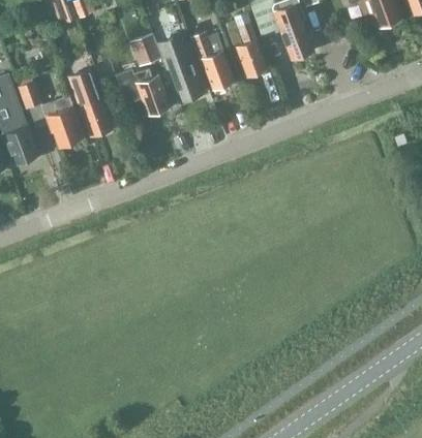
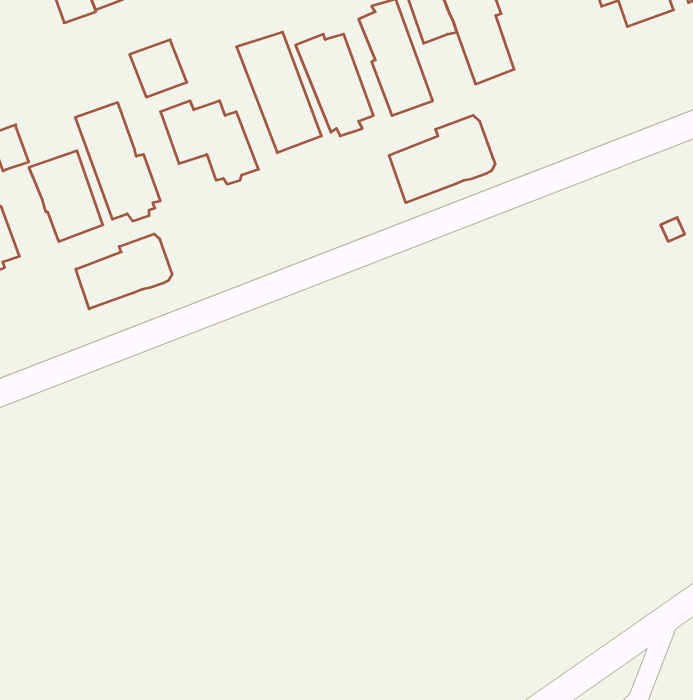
building: [130,34,162,66] -> [130,40,187,97]
building: none -> [389,115,495,203]
building: none -> [76,234,172,309]

